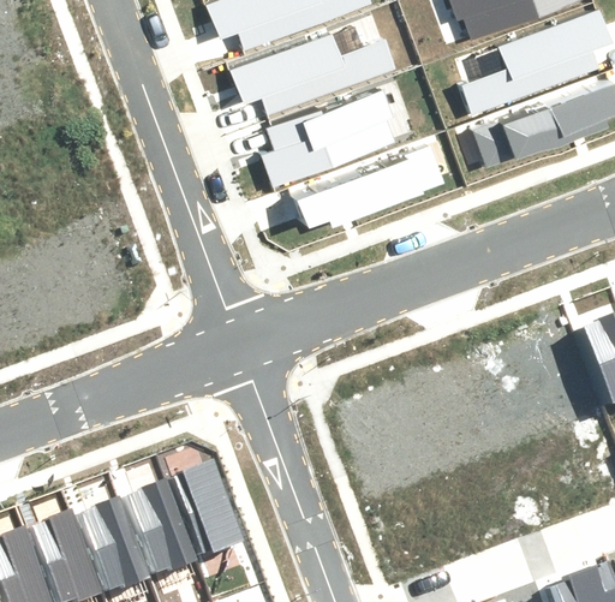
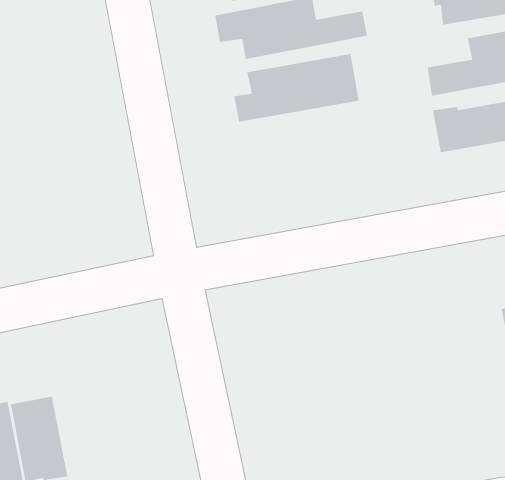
building: [293,143,442,225] -> none
building: [173,461,246,555] -> none
building: [125,479,198,573] -> none

